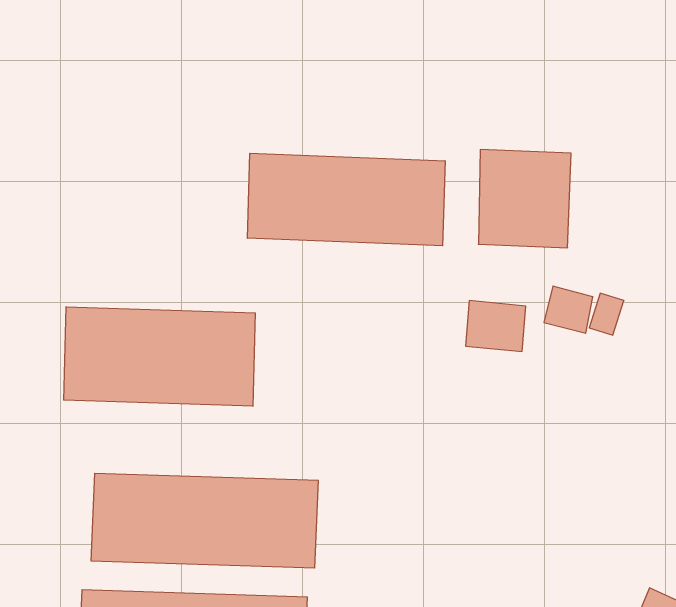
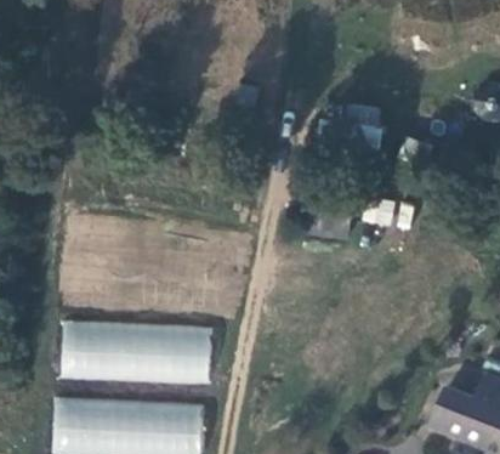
building: [247,153,445,246] -> none
building: [64,307,255,406] -> none

